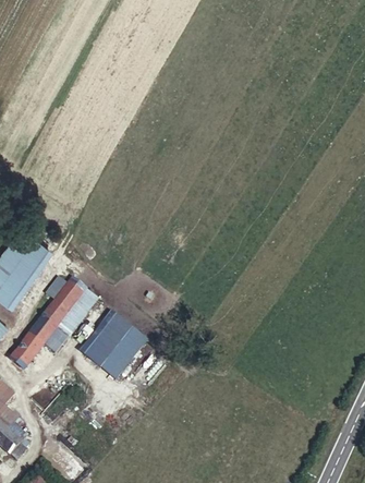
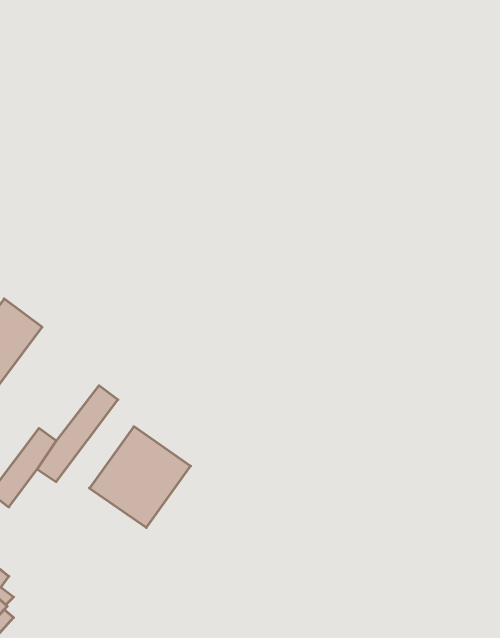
building: [44,278,85,326] -> none

